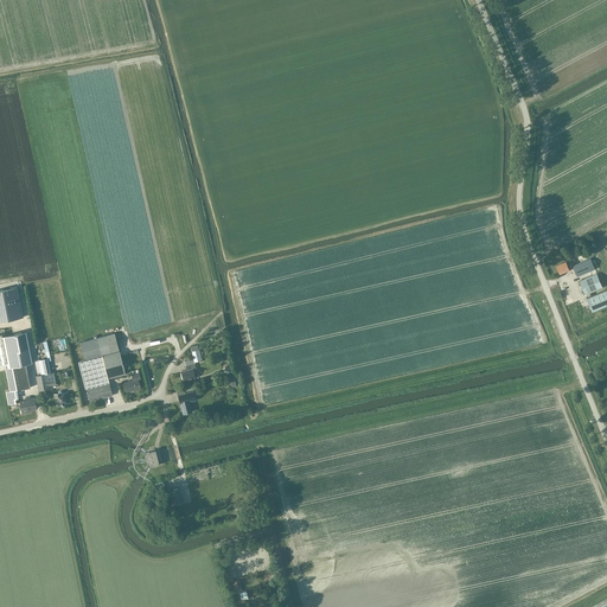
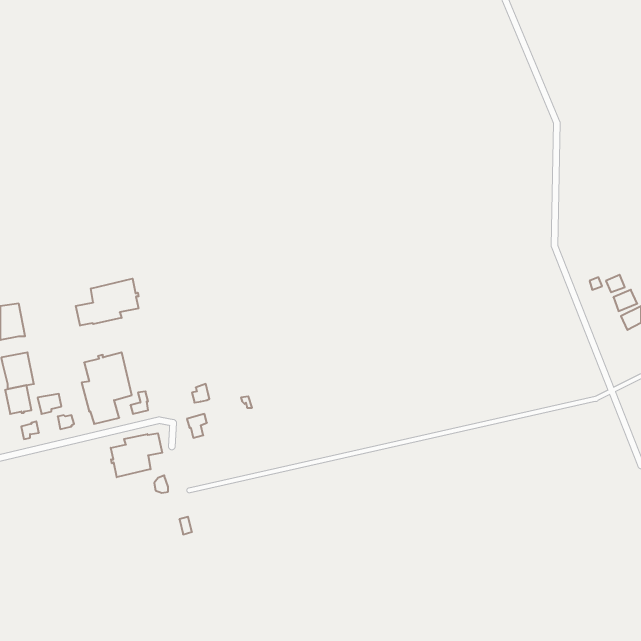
building: none -> [76,279,139,326]
building: none -> [111,433,162,477]

